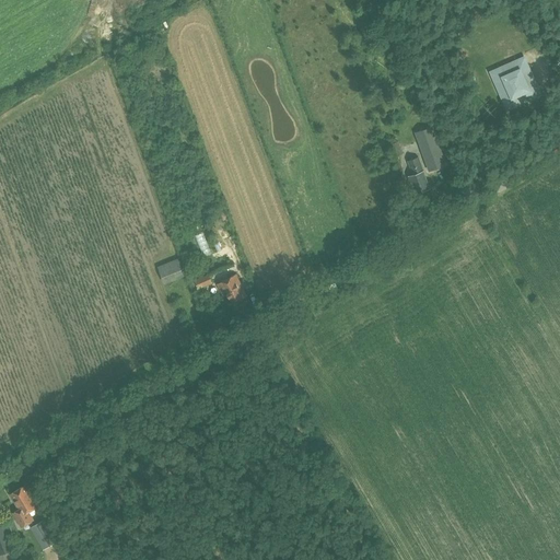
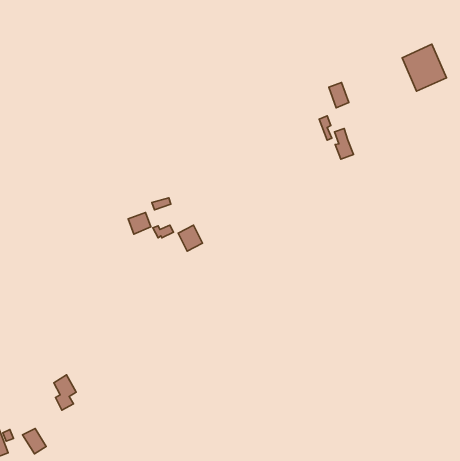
building: [419,139,443,170] -> [329,83,349,108]
building: [9,483,36,526] -> [54,375,76,410]

